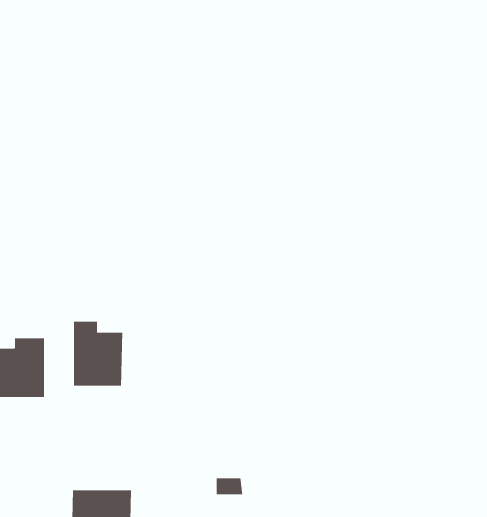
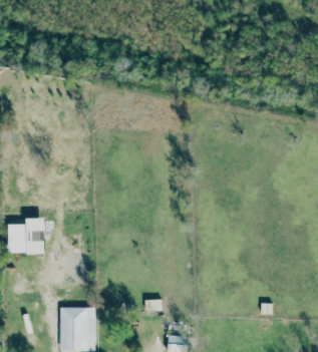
building: [73,321,123,387] -> none

